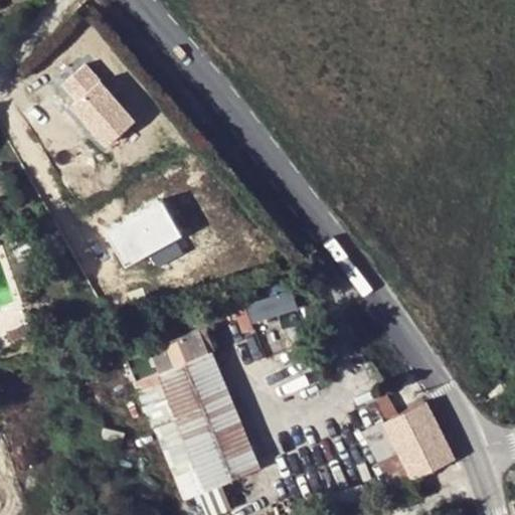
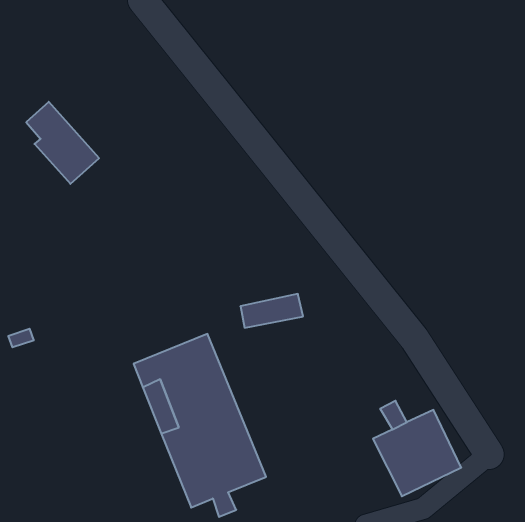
building: [63,66,135,147] -> [26,102,99,184]
building: [106,201,182,268] -> none

